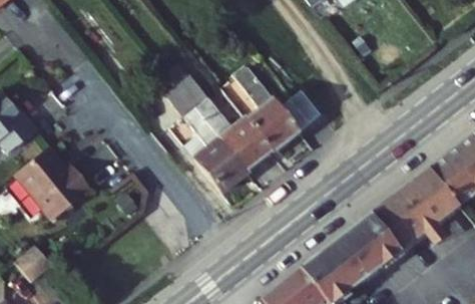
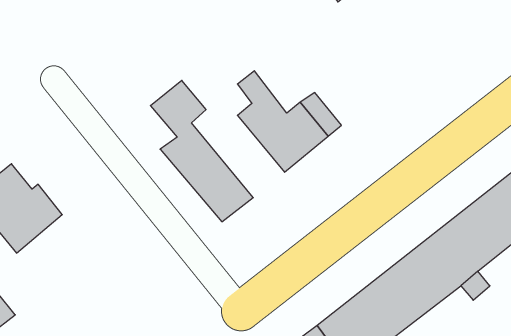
building: [192,95,270,169] -> none

